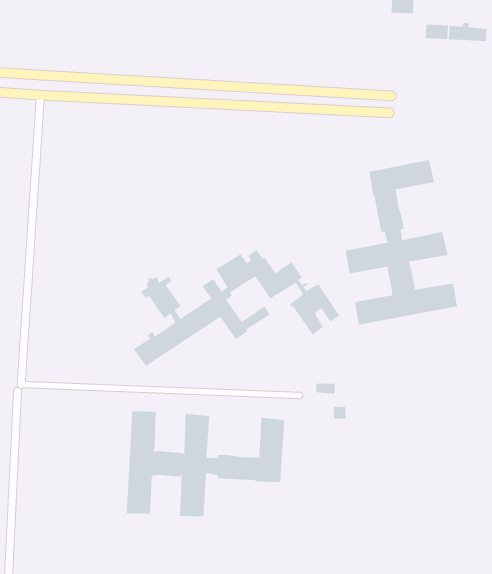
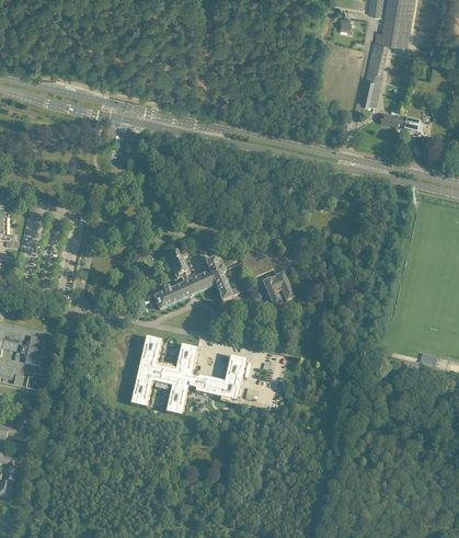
building: [345,159,458,326] -> none

